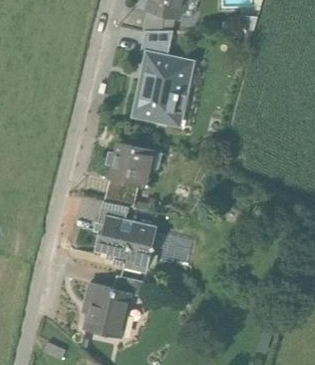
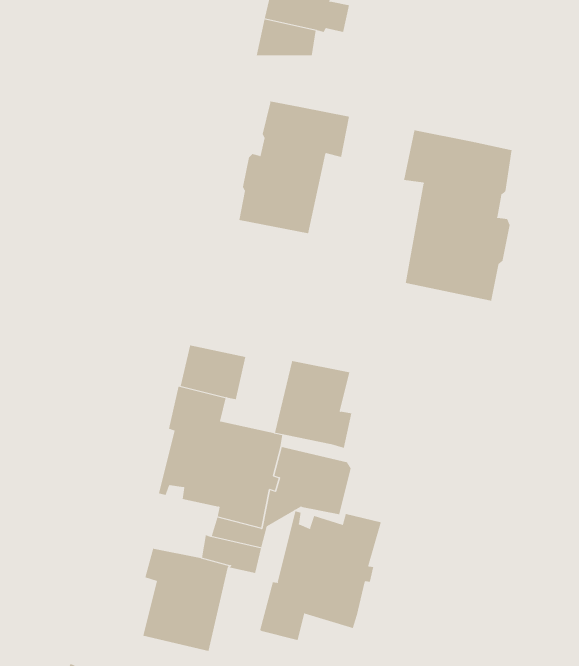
building: [140,31,171,57] -> none
building: none -> [404,130,513,301]
building: [108,142,148,188] -> [274,361,352,448]
building: none -> [259,510,381,641]

